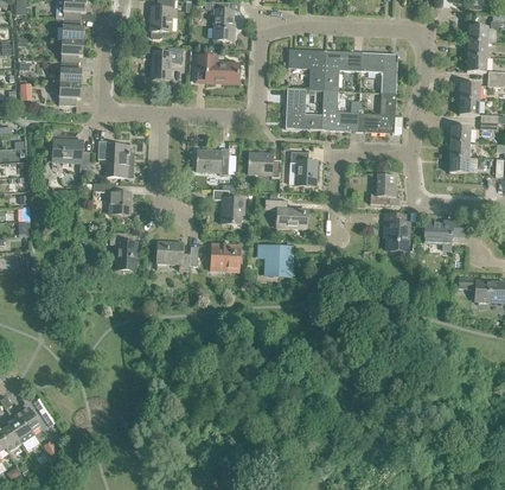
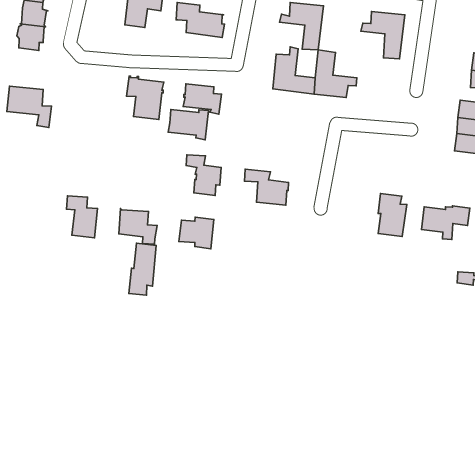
building: [322,50,360,90] -> none
building: [358,93,395,132] -> none
building: [97,140,129,177] -> [127,76,164,119]
building: [289,151,317,185] -> none
building: [247,152,280,177] -> [183,84,222,114]
building: [369,173,396,204] -> none
building: [92,183,130,214] -> none
building: [258,246,290,274] -> none
building: none -> [129,243,156,295]

